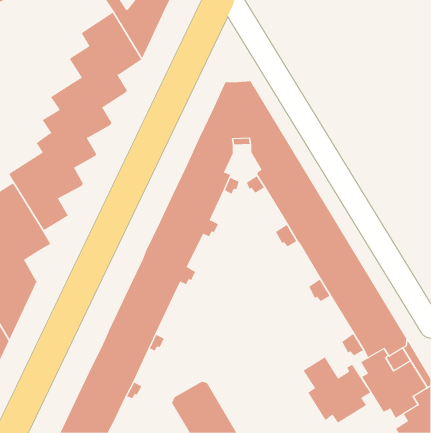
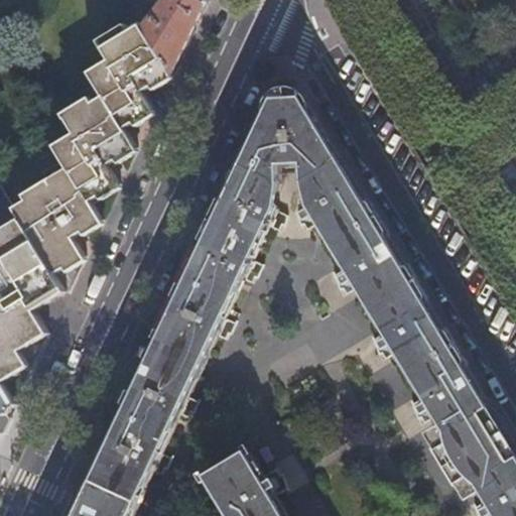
building: [303,357,371,423] -> none

